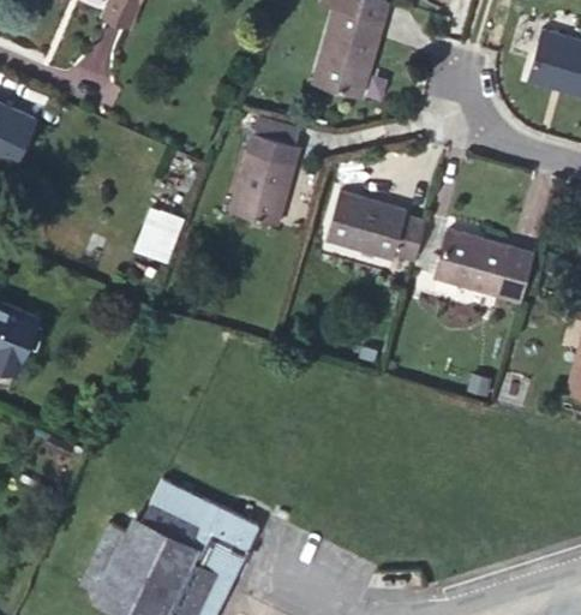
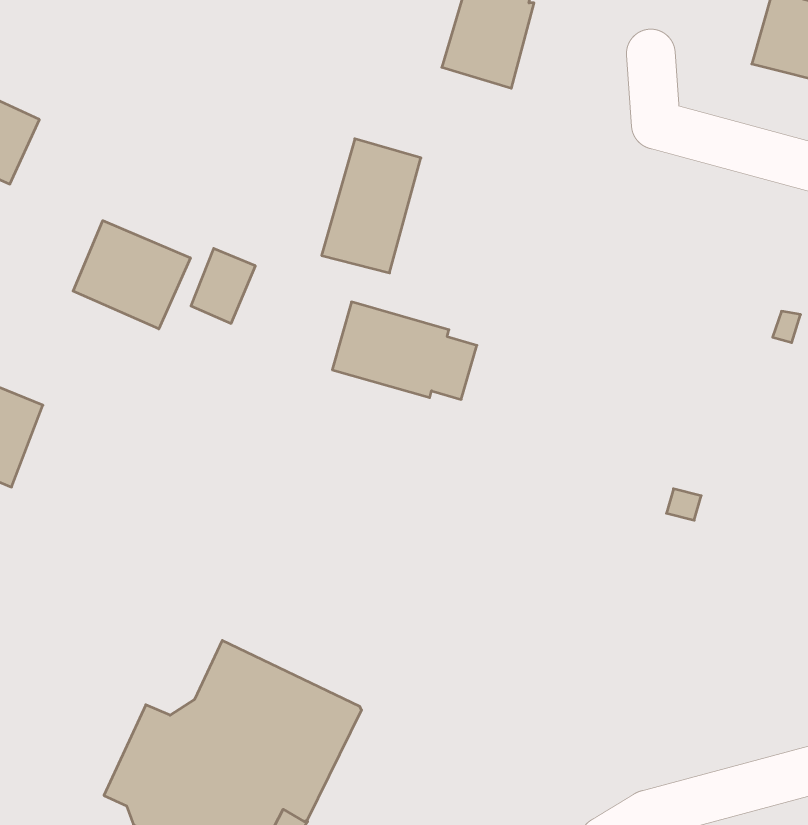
building: none -> [73,221,190,329]
building: [327,193,426,261] -> [332,302,477,399]
building: [435,231,534,301] -> none

